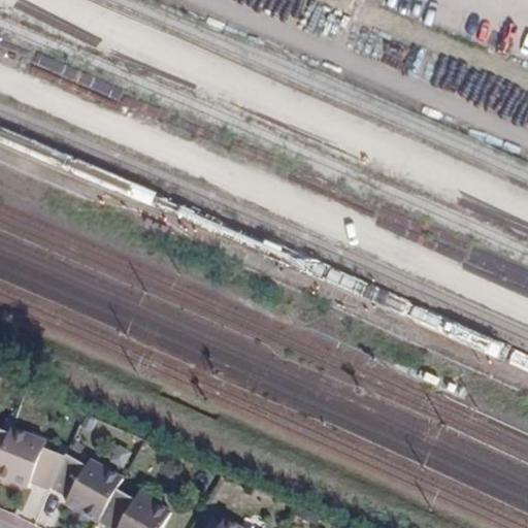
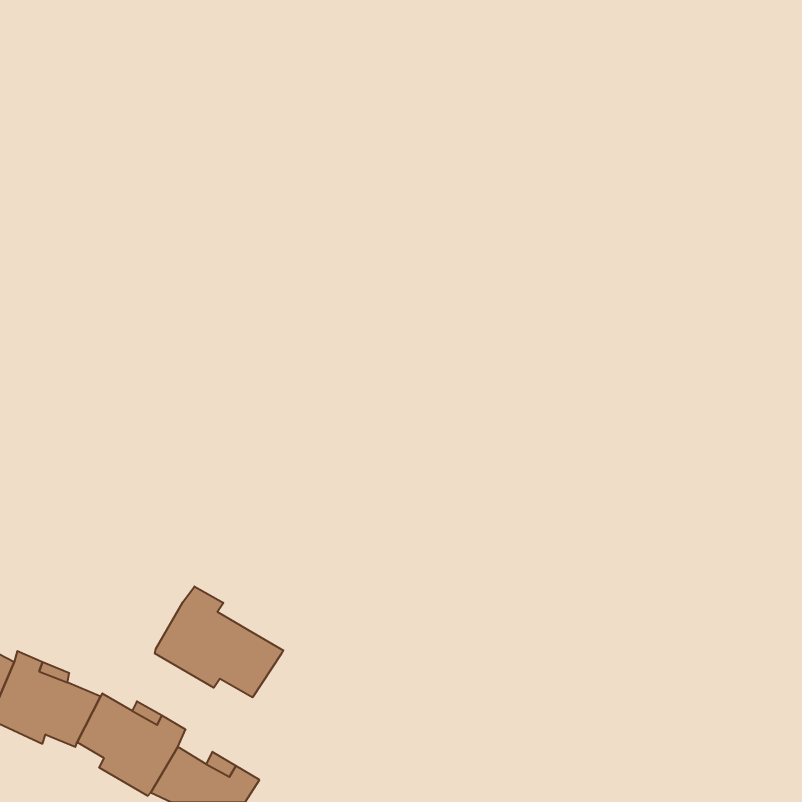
building: none -> [155,586,283,697]

